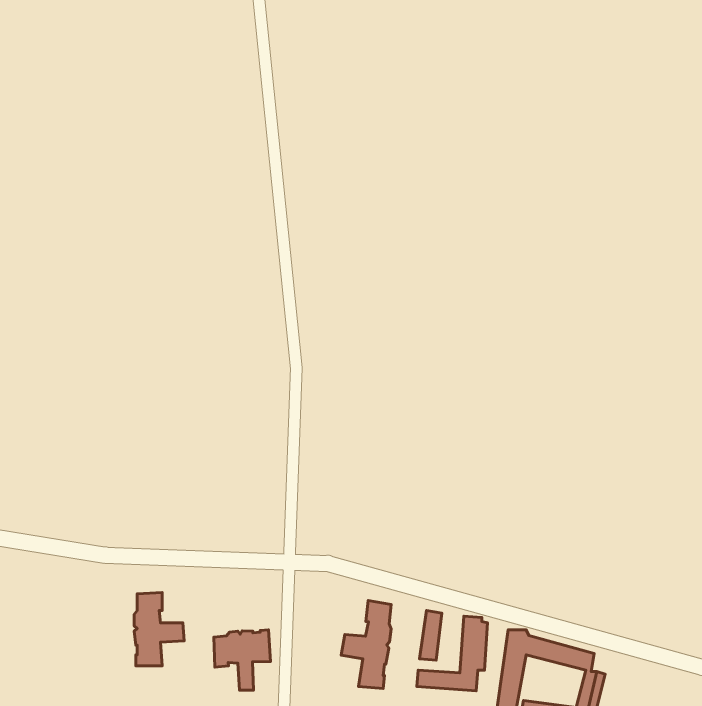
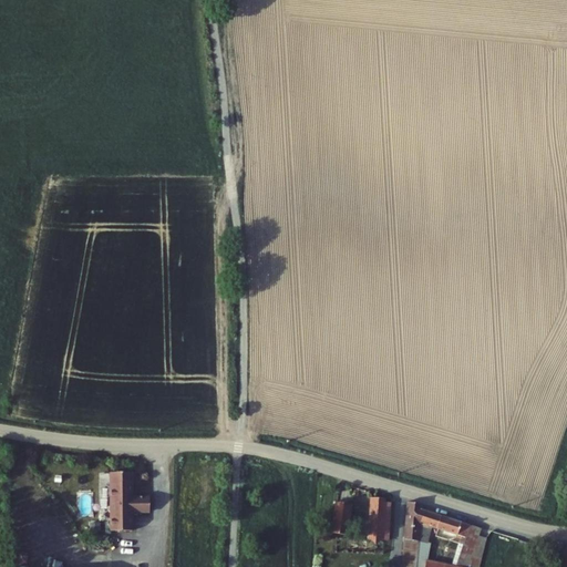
building: [341,601,391,689] -> none
building: [214,630,271,690] -> none

